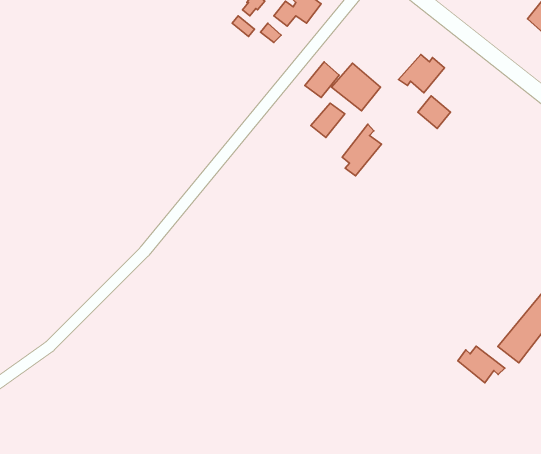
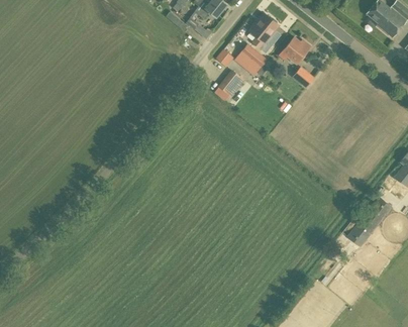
building: none -> [249,13,278,48]
building: [342,124,381,176] -> none
building: [458,346,505,383] -> none

